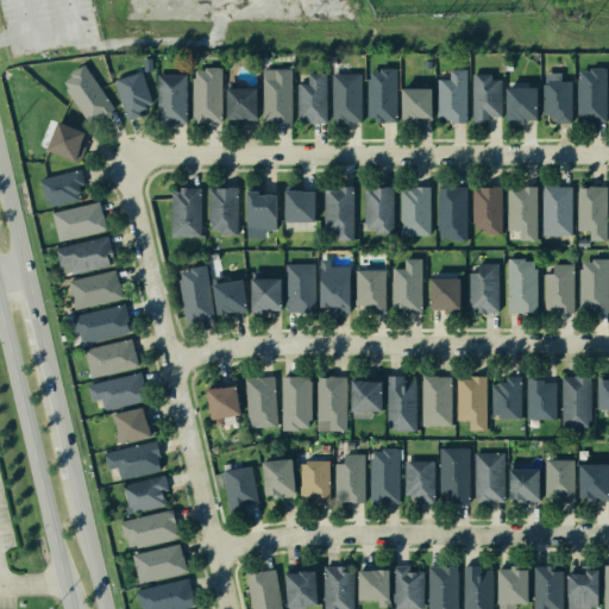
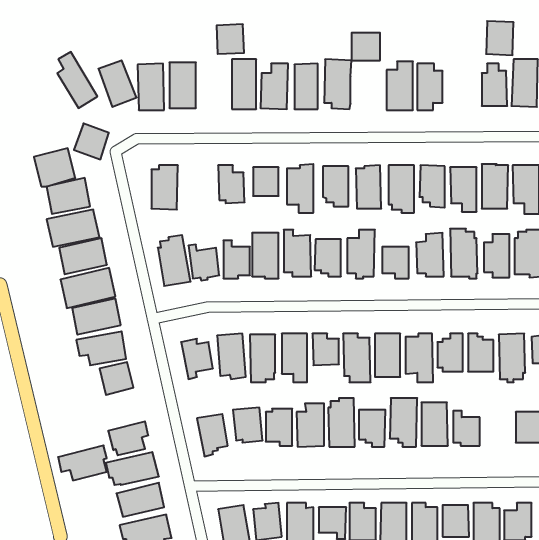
building: [503,82,534,120] -> [486,21,514,55]
building: [222,86,253,119] -> [217,24,244,54]
building: [396,87,428,118] -> [352,33,380,60]
building: [44,120,83,161] -> [74,123,109,159]
building: [209,188,239,233] -> none
building: [106,440,161,479] -> [58,445,107,480]
building: [546,460,576,503] -> none

